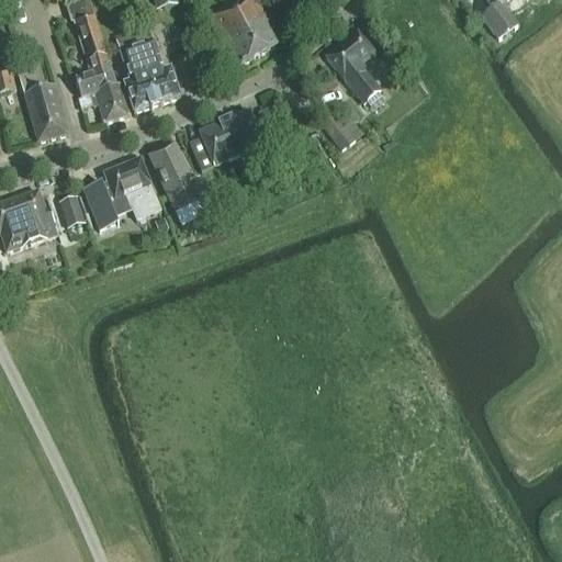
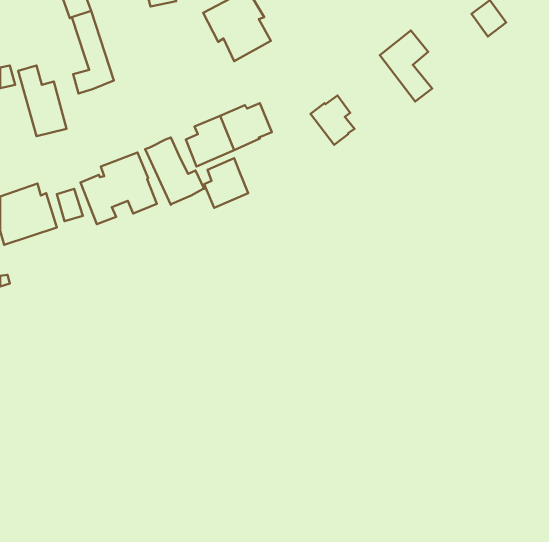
building: [115,27,180,110] -> none
building: [326,29,380,101] -> [380,31,432,101]
building: [88,81,128,121] -> none
building: none -> [204,158,248,208]

